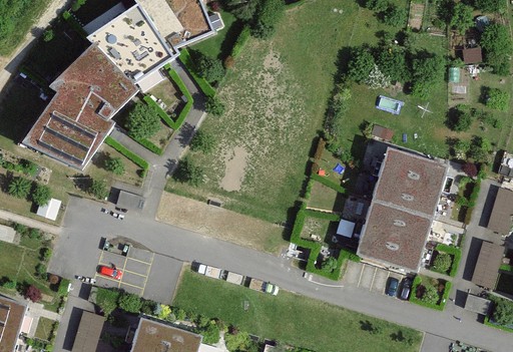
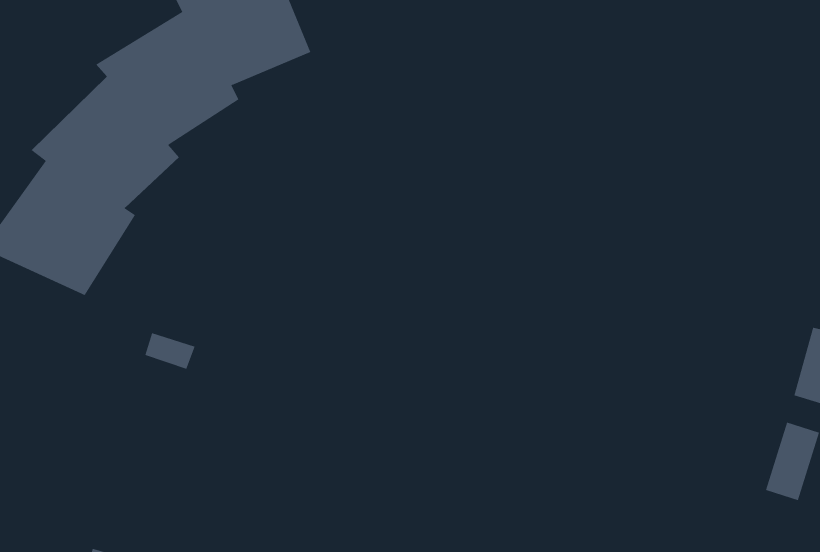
building: [357,148,446,271] -> none

